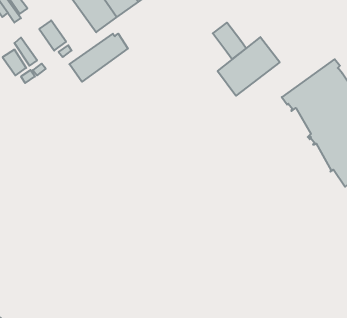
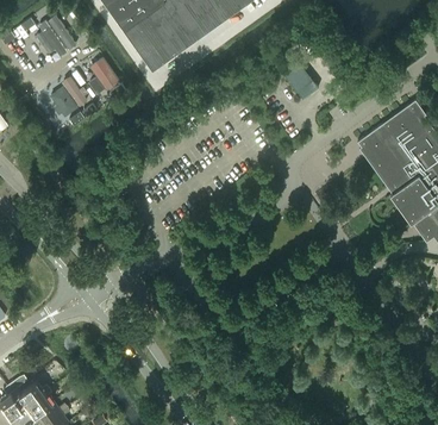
building: [69,34,128,82] -> none
building: [218,37,280,96] -> none

